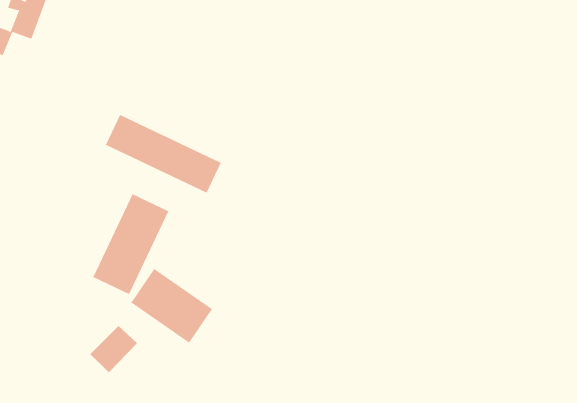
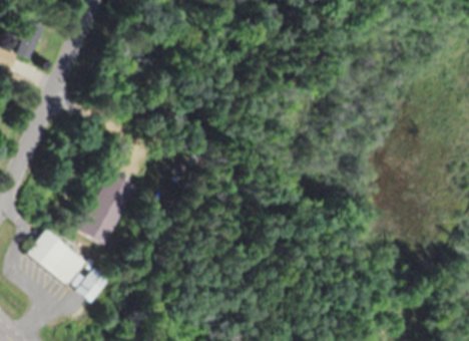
building: [105,114,221,194] -> none
building: [130,268,213,344] -> [27,230,87,285]

